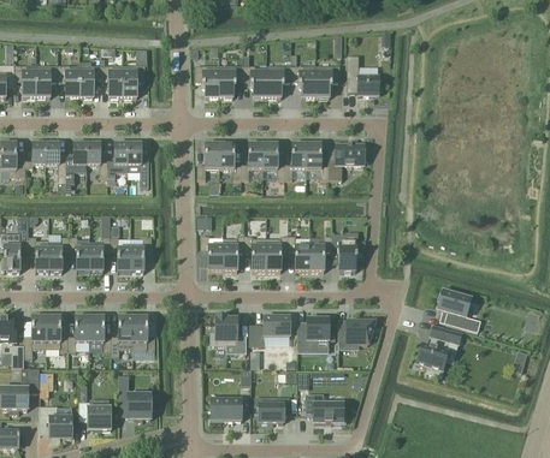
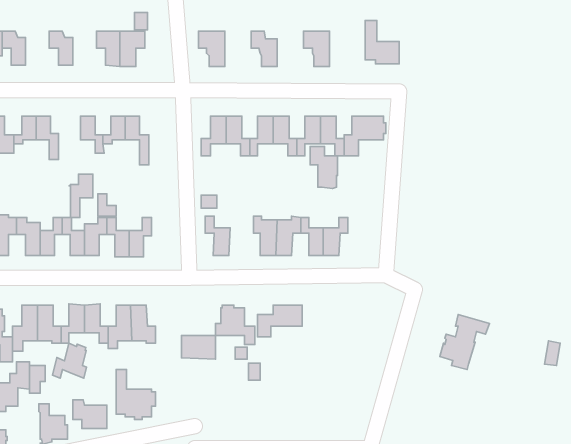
building: [35,65,57,96] -> none
building: [78,65,100,96] -> none
building: [218,65,242,97] -> none
building: [266,65,290,97] -> none
building: [314,65,339,97] -> none
building: [64,143,85,183] -> [69,174,93,217]
building: [331,233,356,272] -> [310,146,338,188]
building: [221,234,244,270] -> none
building: [437,291,480,332] -> none
building: [296,315,330,350] -> none
building: [337,319,373,352] -> none
building: none -> [53,343,86,378]
building: [304,392,344,422] -> none
building: [258,397,289,422] -> none
building: [209,399,241,421] -> [182,335,216,359]

